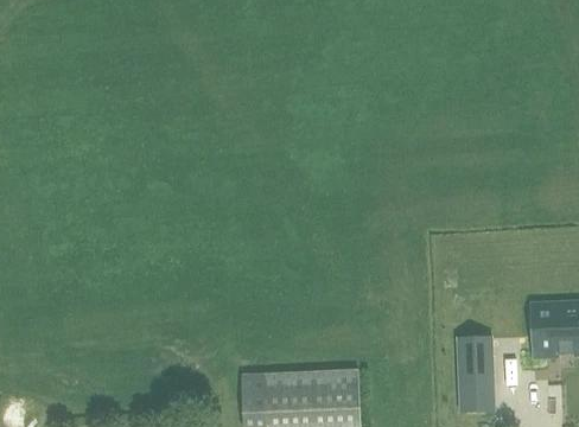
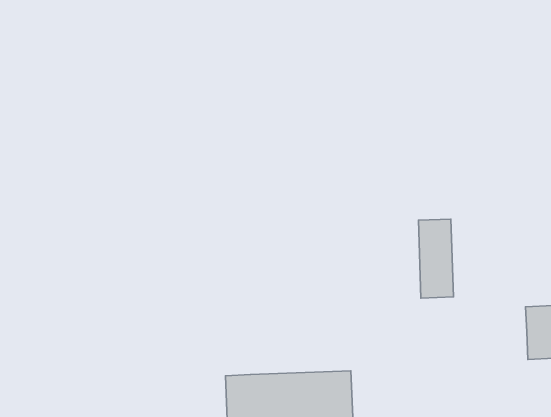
building: [452,333,485,408] -> [418,219,453,298]

